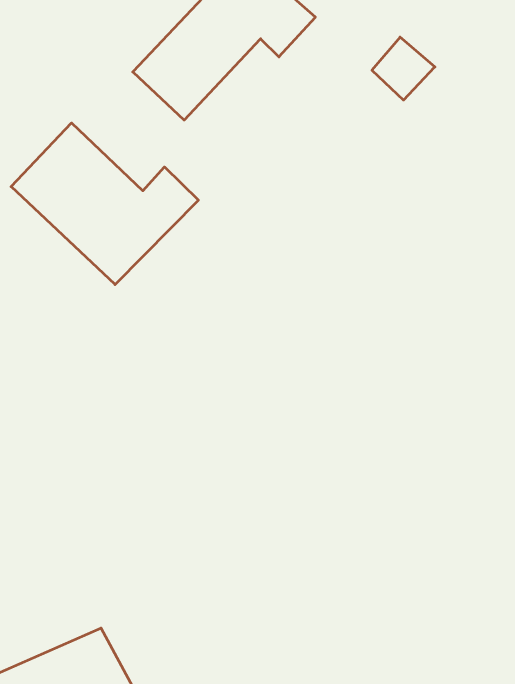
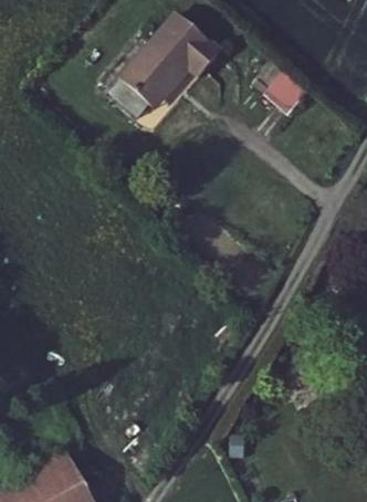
building: [11,123,198,285] -> none

